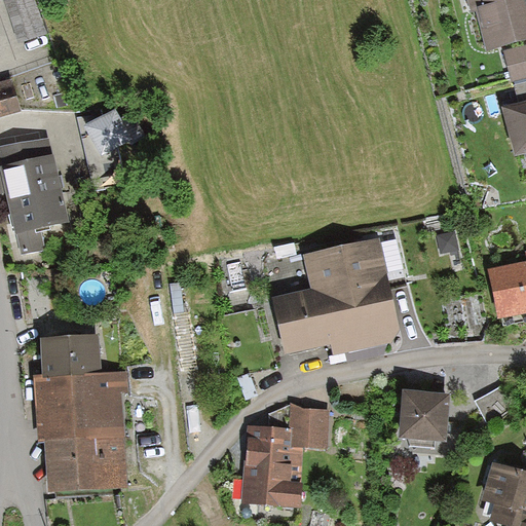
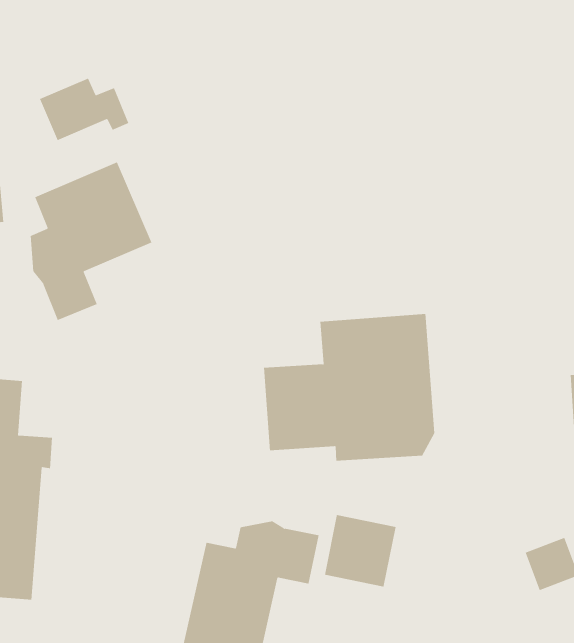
building: none -> [30,161,152,321]
building: [401,393,447,440] -> [324,515,396,587]

